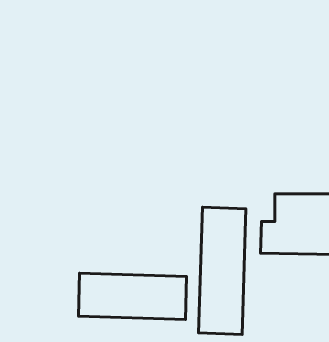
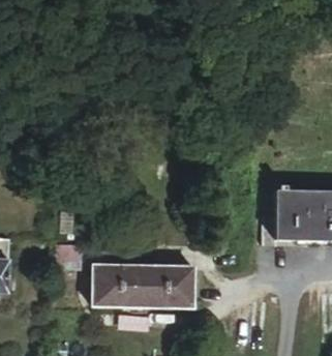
building: [199,207,246,334] -> none

